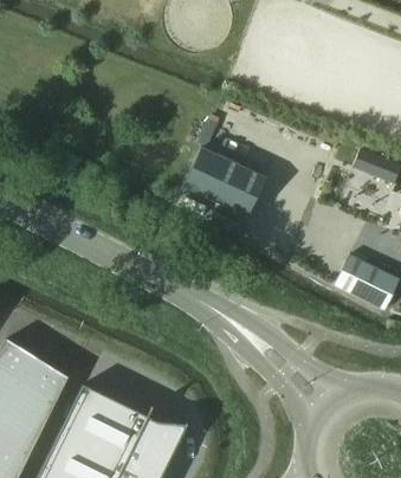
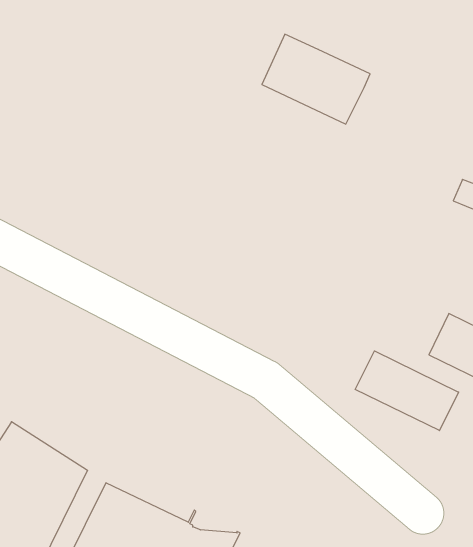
building: [181,147,265,217] -> [262,34,370,124]
building: none -> [355,351,459,431]

